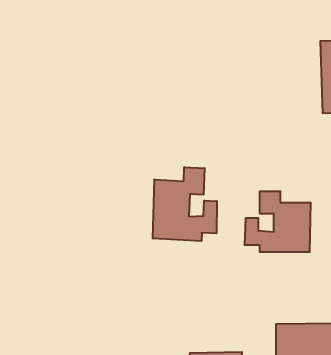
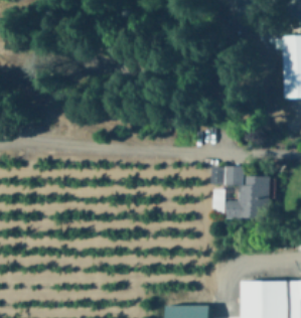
building: [153,167,217,241] -> none

